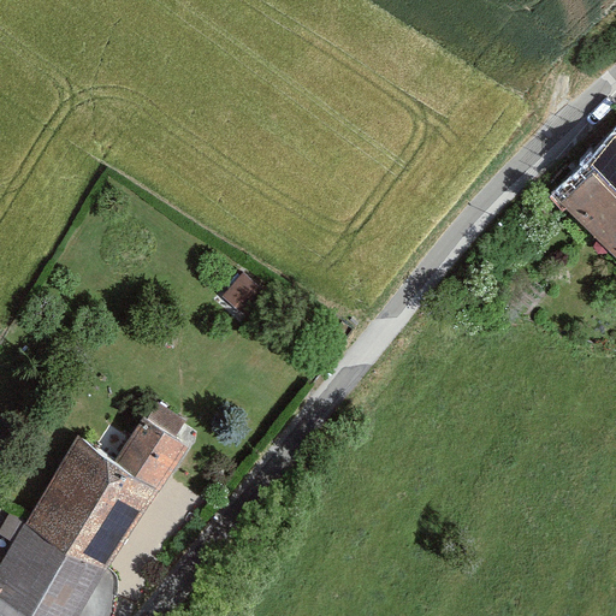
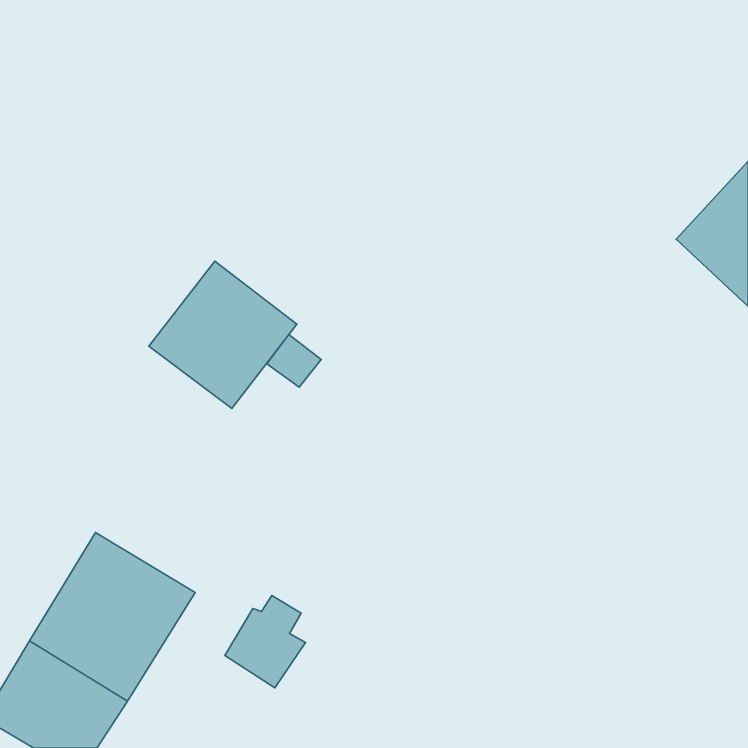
building: none -> [149,261,297,409]
building: [119,410,185,486] -> [225,595,305,688]

